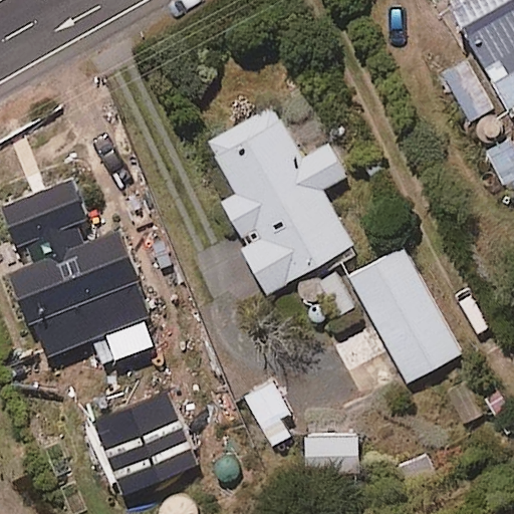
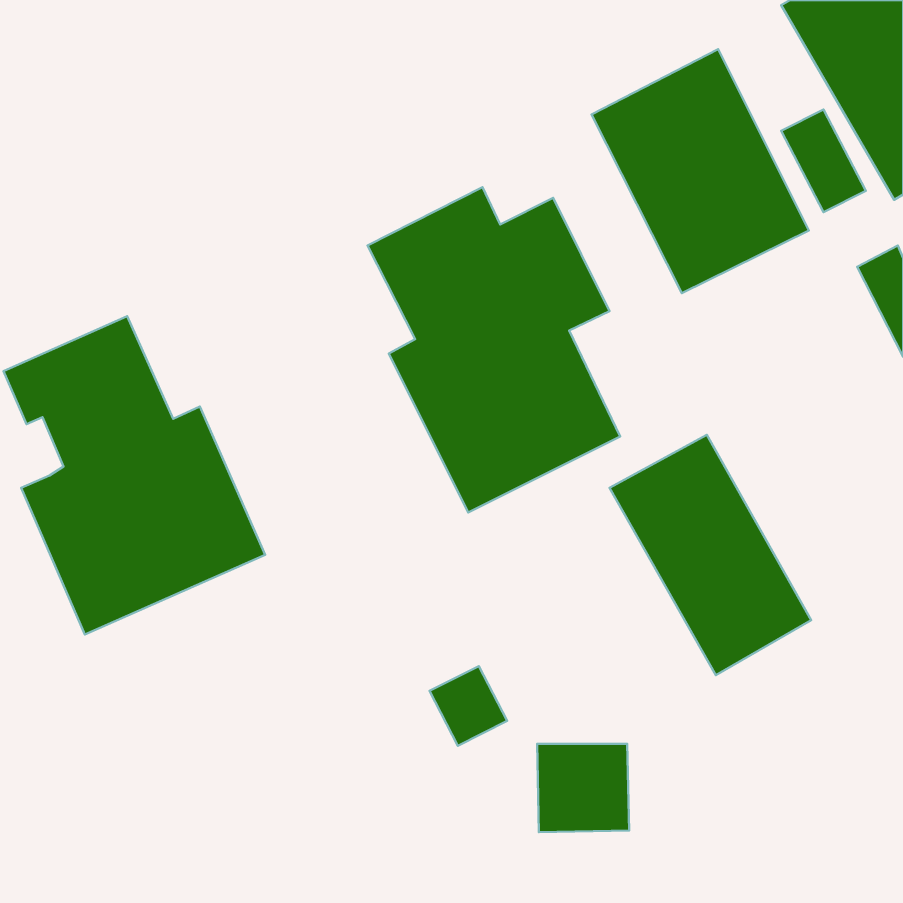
building: none -> [592,49,809,293]
building: [92,391,199,497] -> none

